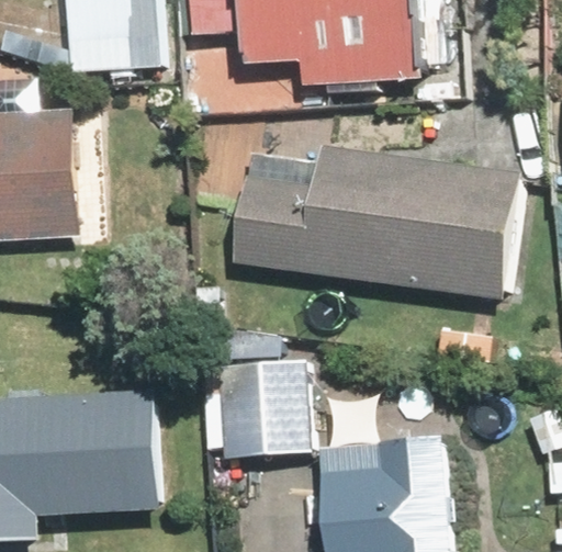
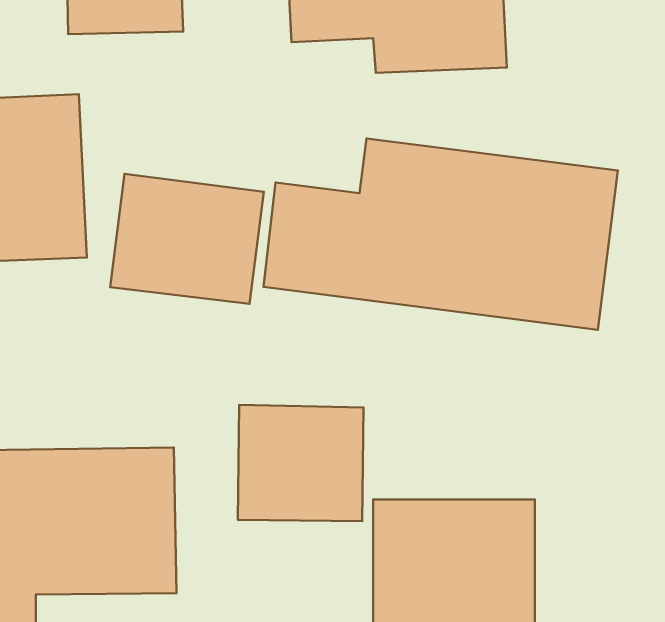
building: none -> [110,174,264,304]

